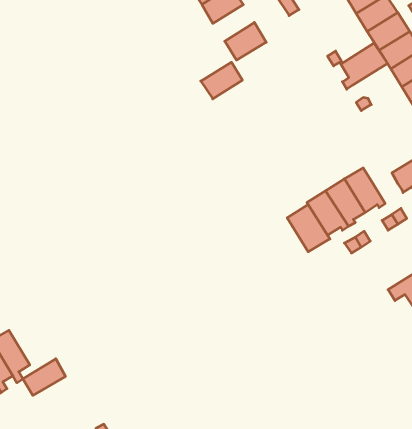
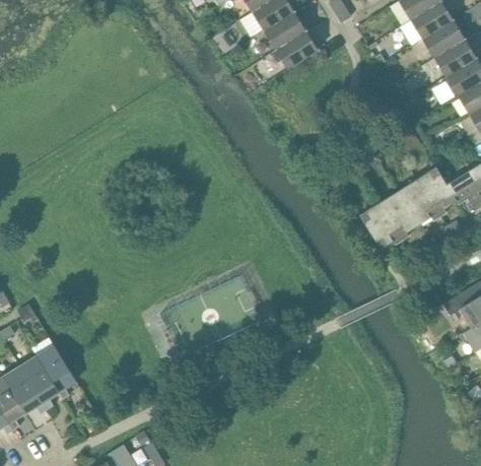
building: [341,43,387,89] -> none
building: [201,62,242,99] -> [263,11,305,49]
building: none -> [417,167,457,215]
building: [287,205,330,252] -> none
building: [23,359,65,395] -> none

